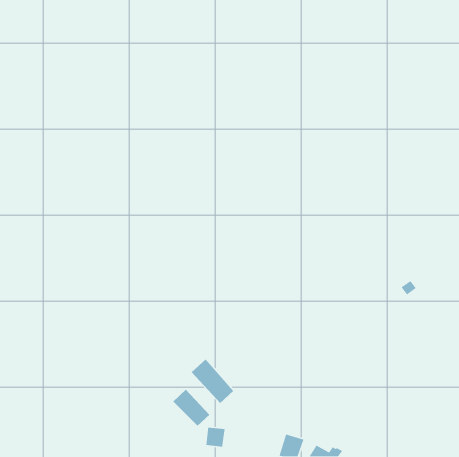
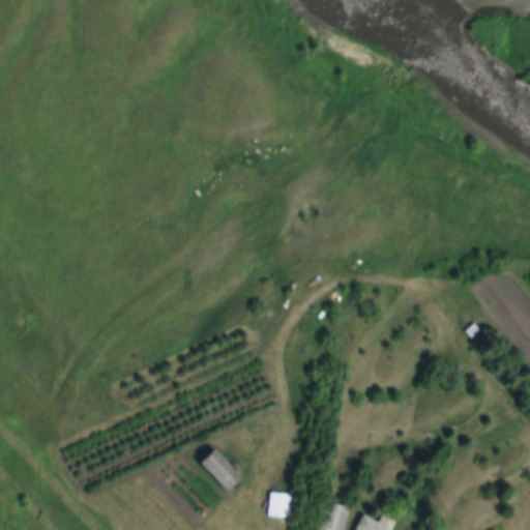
building: [191,358,234,404] -> none
building: [206,427,225,447] -> [268,493,291,517]

